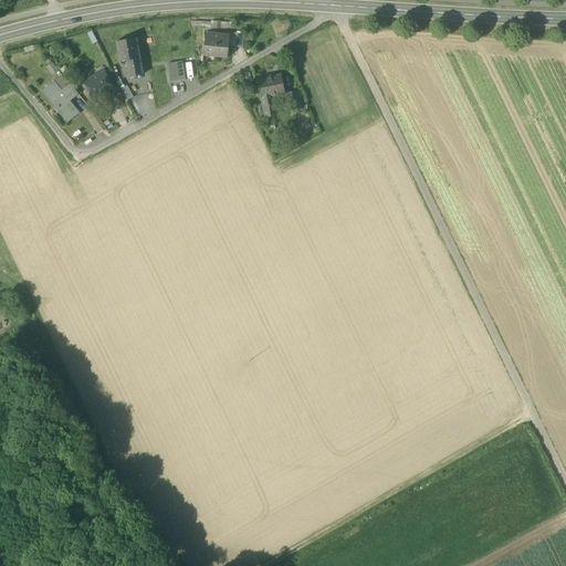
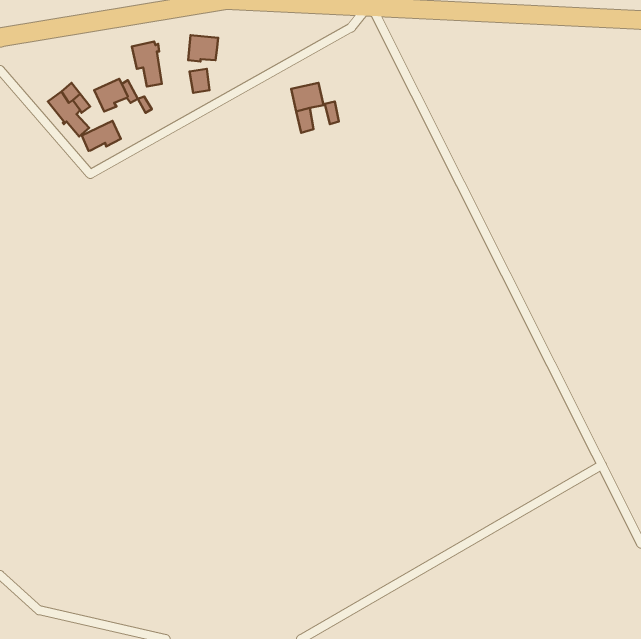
building: [203,32,230,55] -> [188,35,218,62]
building: none -> [82,121,121,151]

